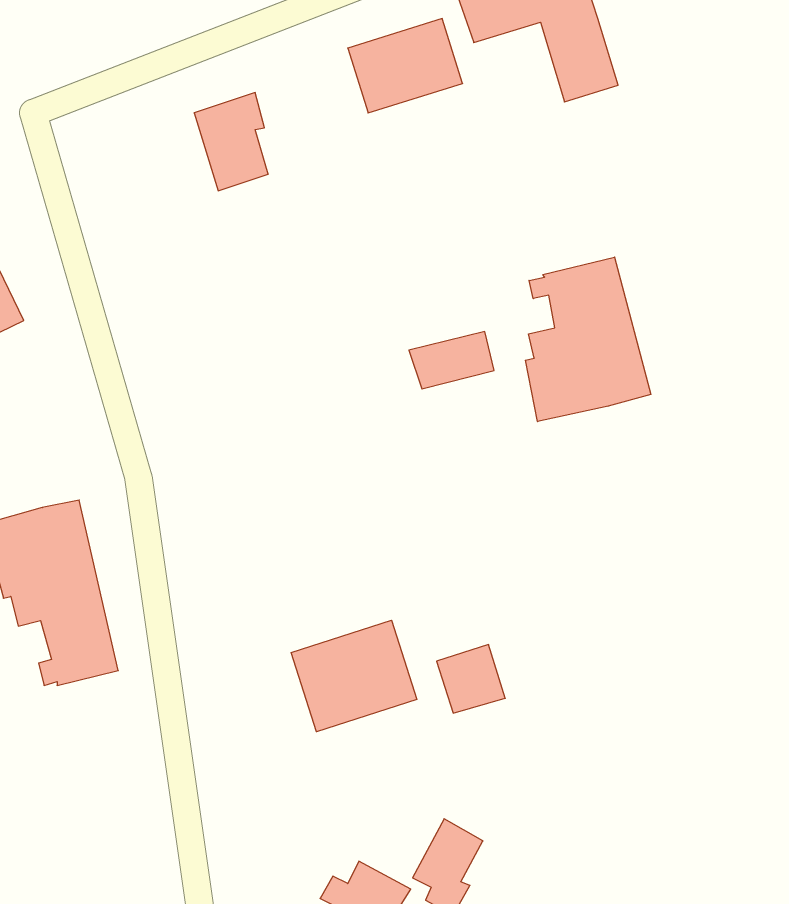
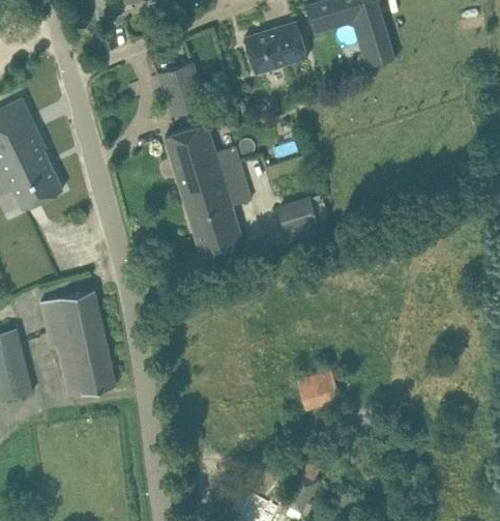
building: none -> [164,124,249,259]
building: [525,257,651,422] -> none
building: [291,620,417,732] -> none

